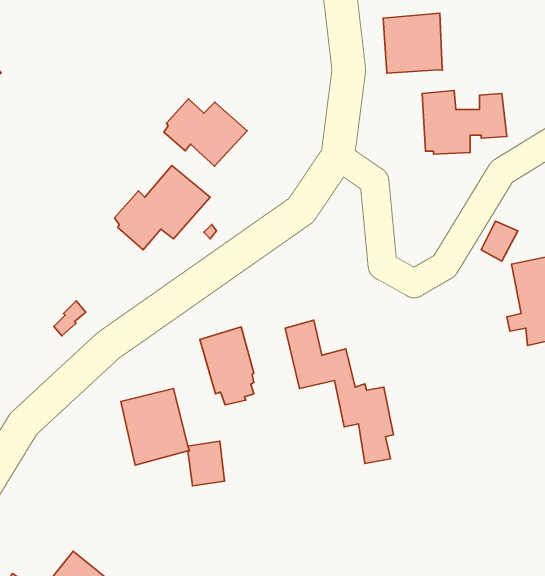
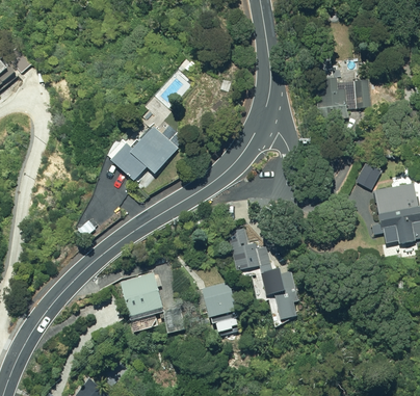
building: [383,13,442,73] -> none
building: [164,99,247,166] -> none
building: [200,327,254,405] -> [202,281,237,332]

